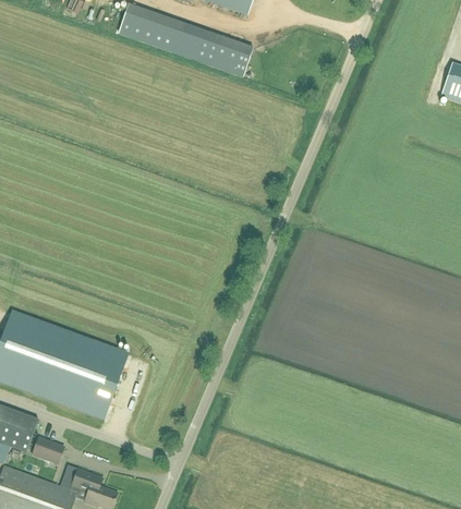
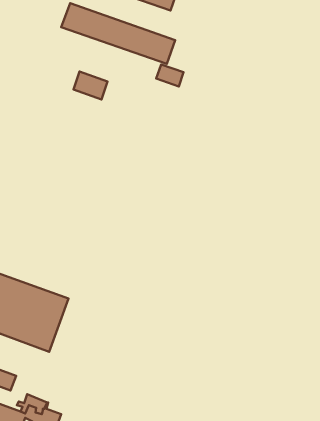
building: none -> [156,64,183,86]
building: none -> [73,72,108,99]

